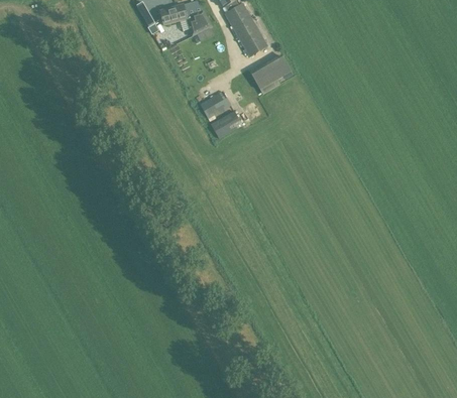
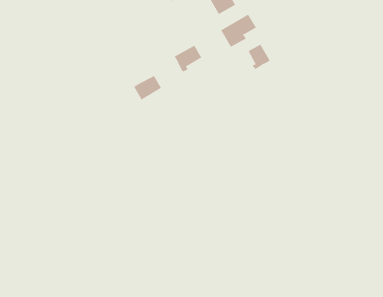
building: none -> [248,44,270,70]
building: [210,110,241,138] -> [133,75,162,100]

